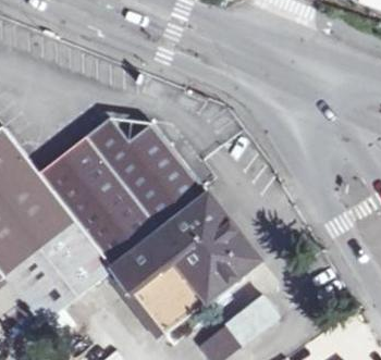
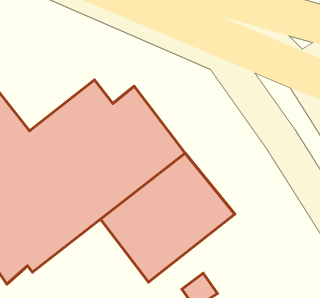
building: [225,297,278,347] -> none

